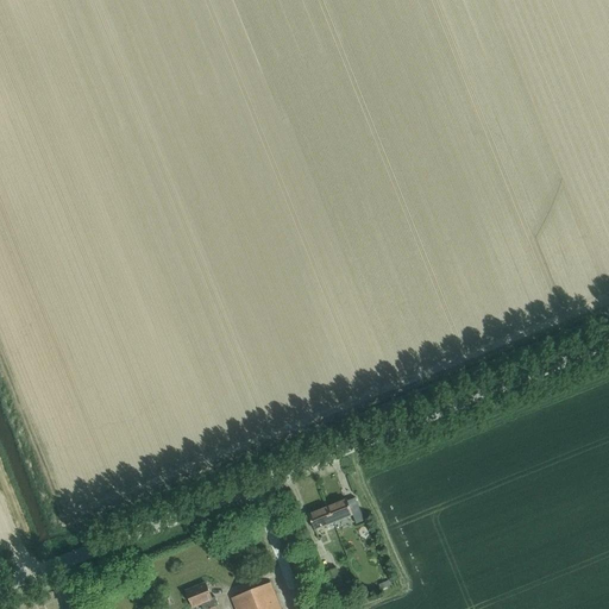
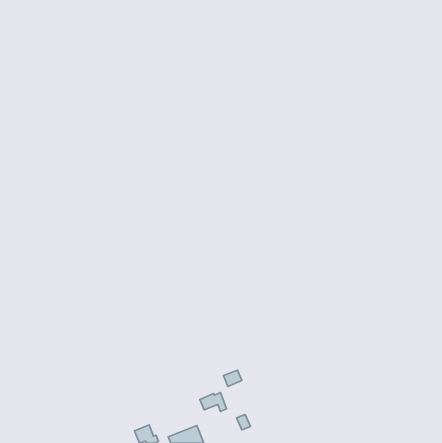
building: [326,498,363,525] -> [200,392,227,412]

